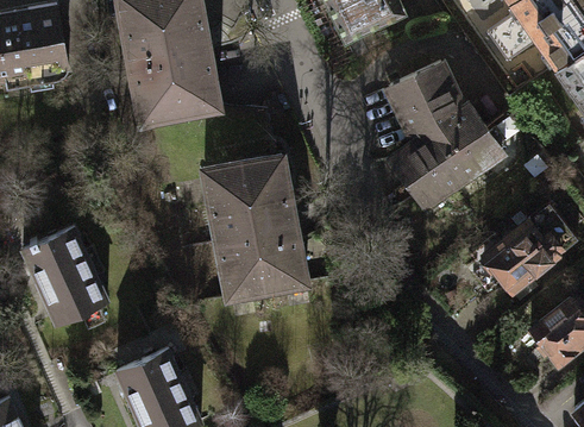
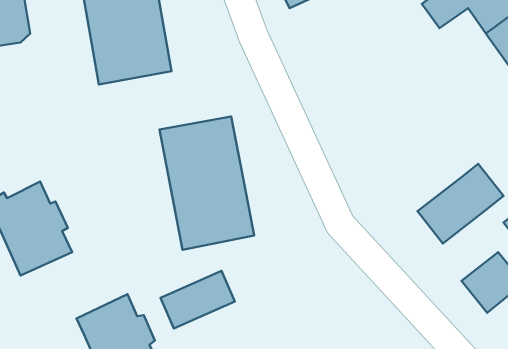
building: [390,63,502,206] -> none
building: none -> [160,271,235,329]

